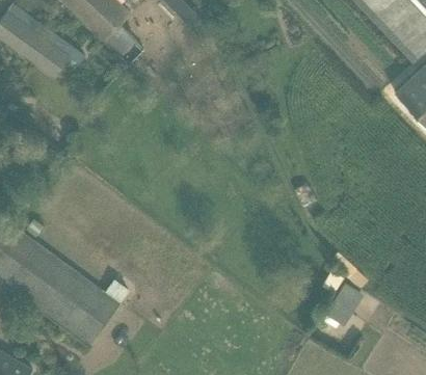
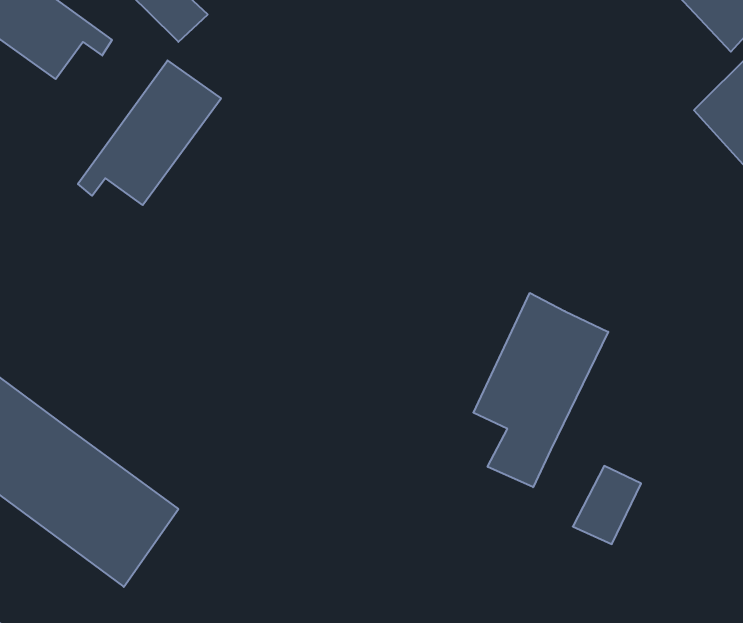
building: none -> [78,60,221,205]
building: none -> [473,293,608,487]

